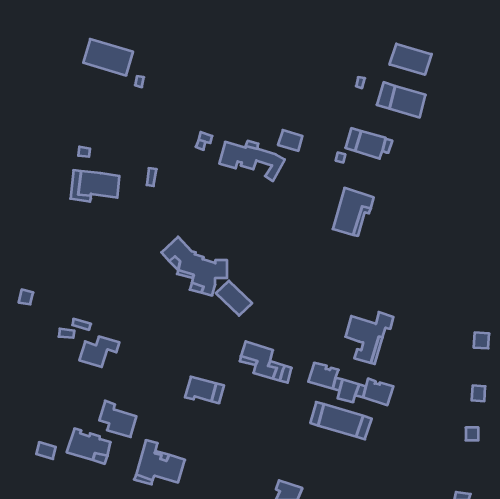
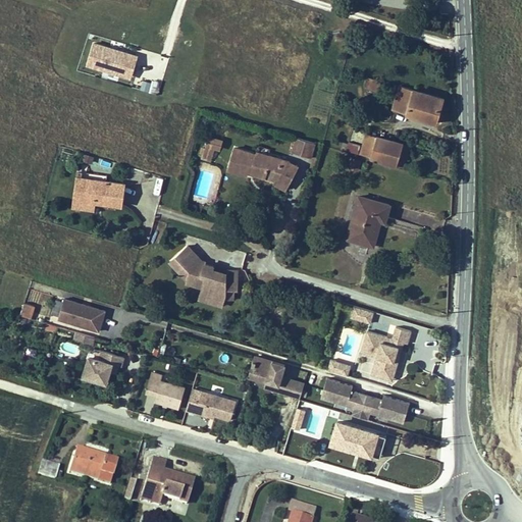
building: [390,44,432,75] -> none
building: [216,281,252,316] -> none
building: none -> [59,300,106,332]
building: [99,401,136,437] -> [143,376,181,414]

